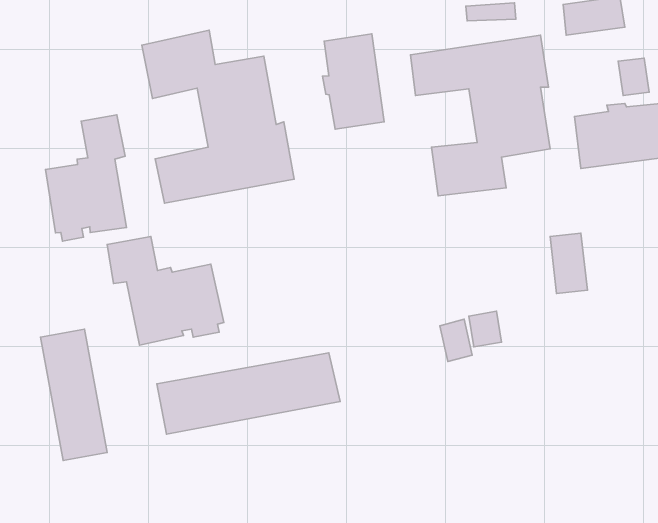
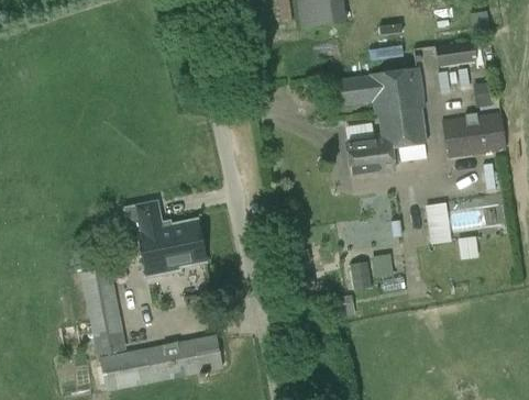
building: [142,30,294,203] -> none
building: [323,34,384,129] -> none
building: [45,115,126,241] -> none
building: [157,353,340,434] -> [99,335,223,390]

